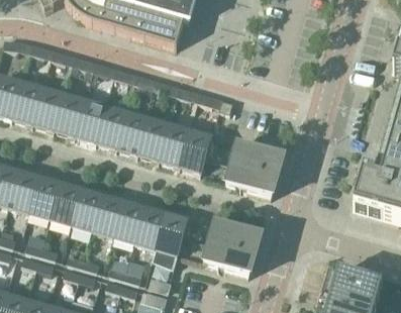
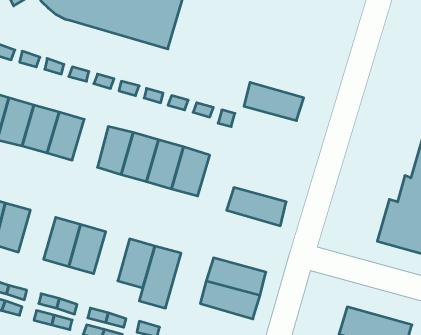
building: [96,107,126,147] -> none
building: [232,144,283,177] -> [244,82,304,121]
building: [51,184,82,225] -> none
building: [114,202,144,243] -> none

